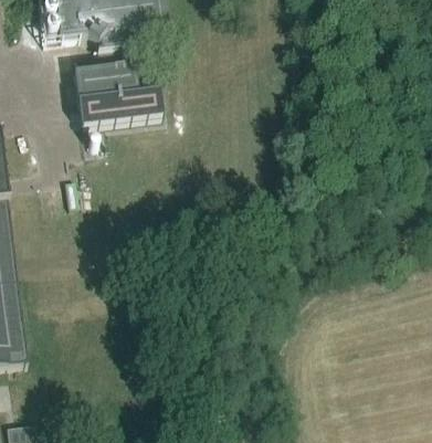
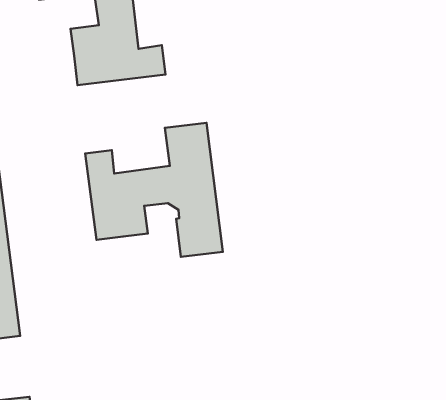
building: none -> [85,123,223,257]

